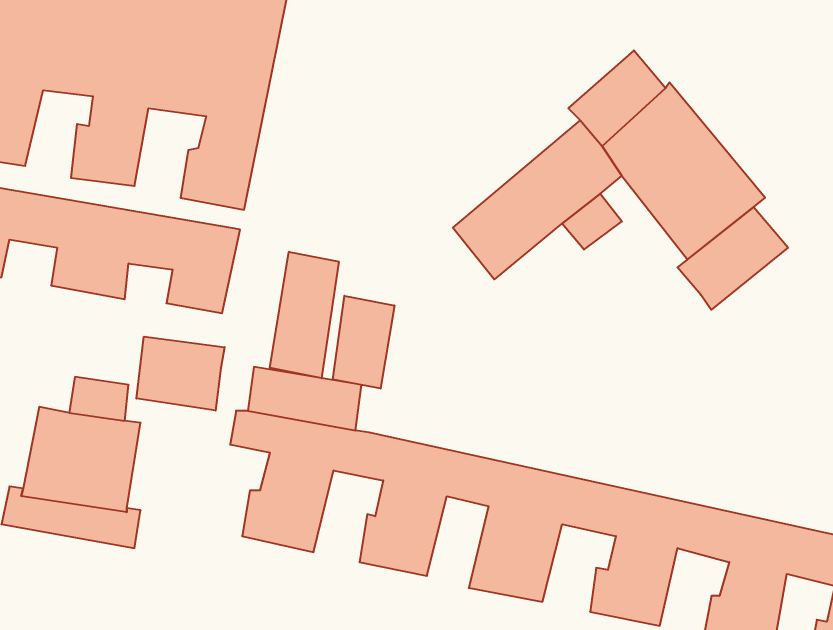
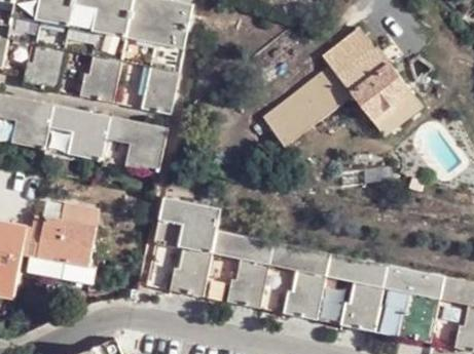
building: [677,207,788,310] -> none
building: [270,252,339,378] -> none
building: [333,296,394,389] -> none
building: [136,337,225,411] -> none

